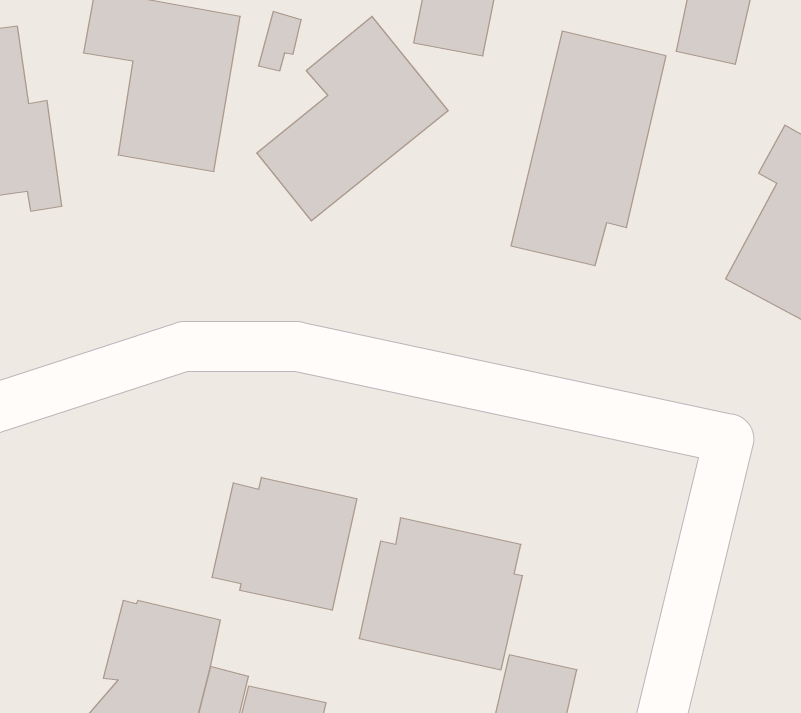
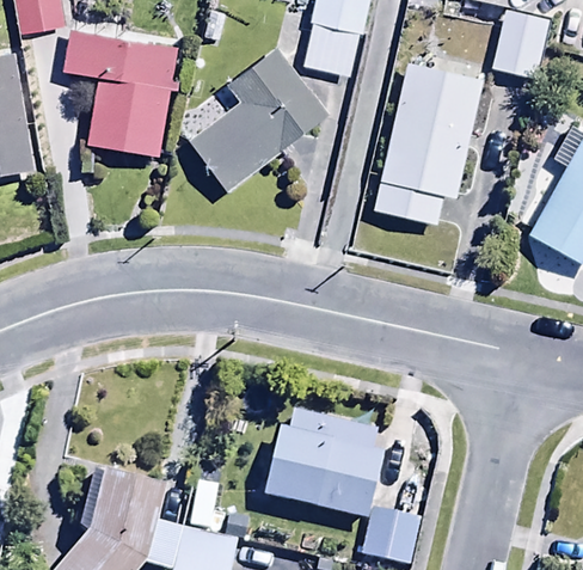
building: [212,477,357,610] -> none

